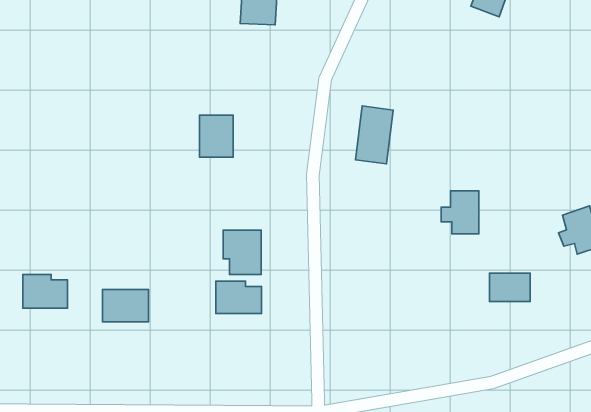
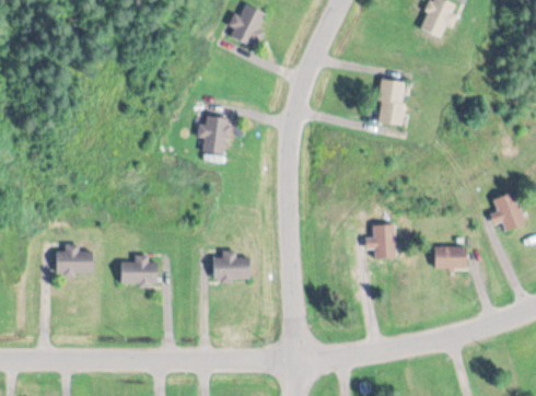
building: [356,106,393,164] -> [376,79,407,126]
building: [441,191,479,234] -> [365,224,396,259]
building: [223,230,261,275] -> none

